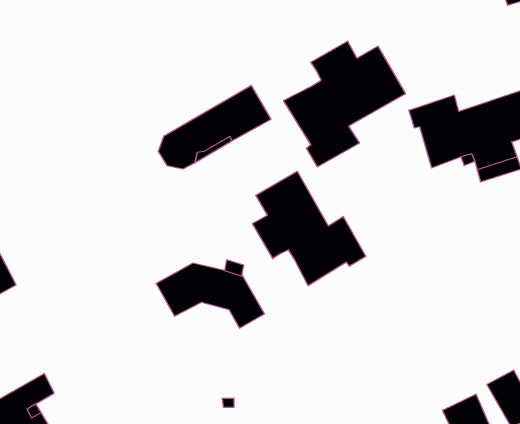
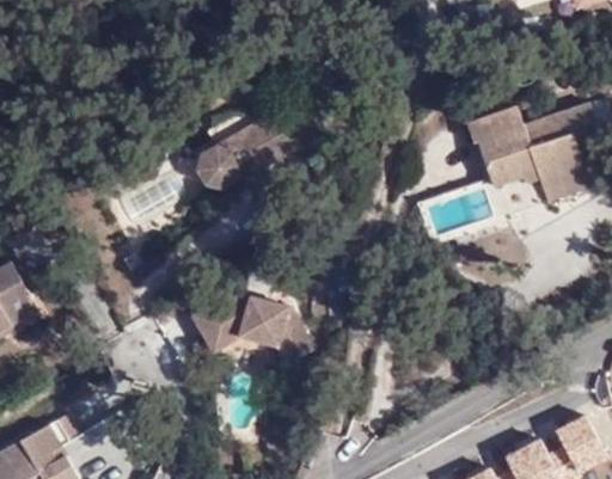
building: [284,41,405,167] -> none
building: [253,171,366,286] -> none

